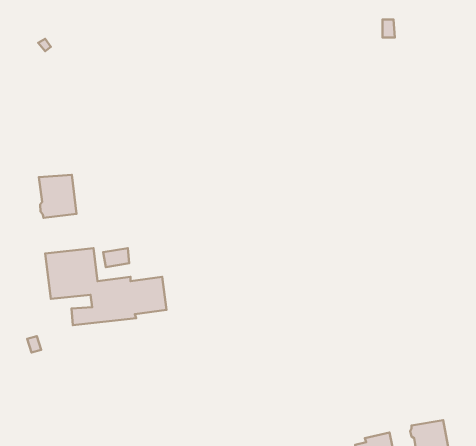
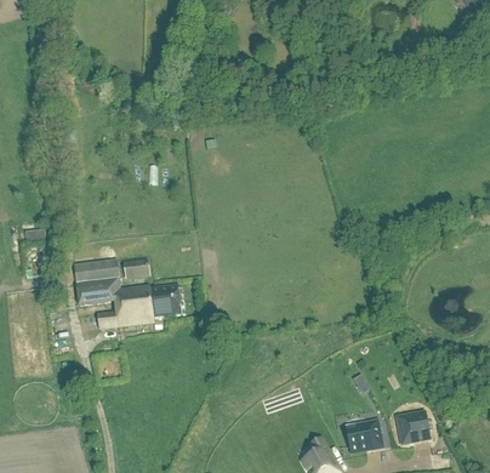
building: [39,175,76,218] -> none

